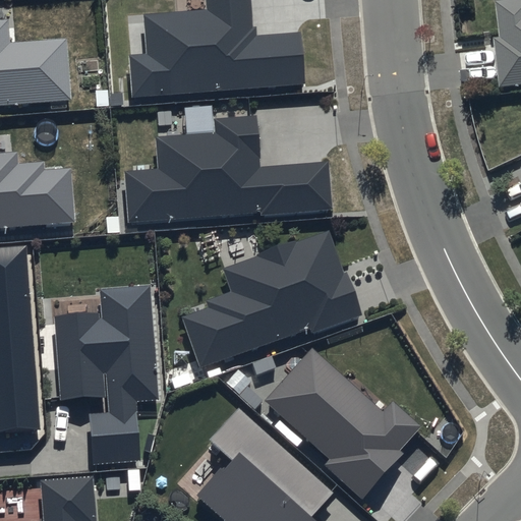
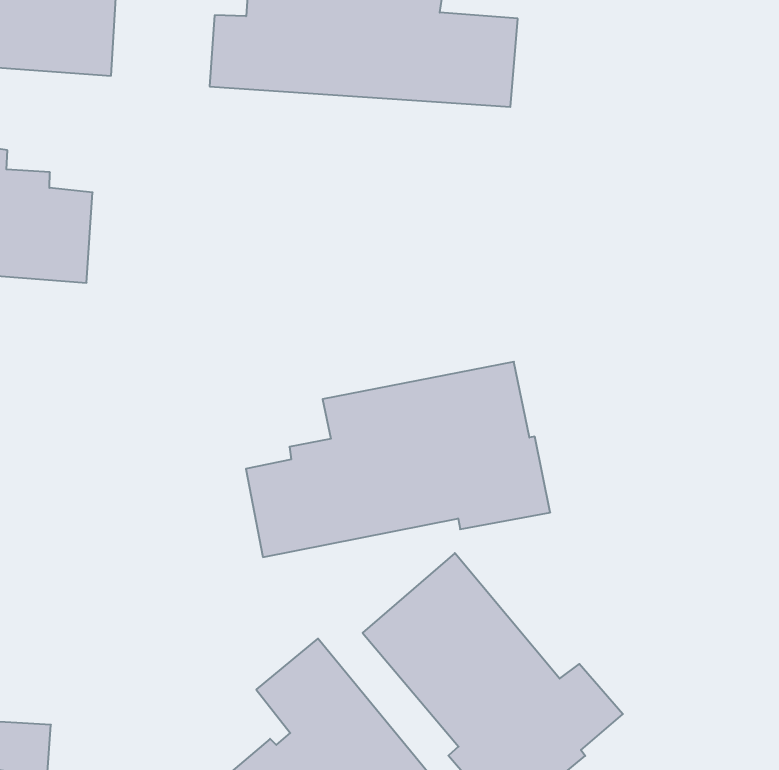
building: [123,116,334,223] -> none
building: [54,286,160,466] -> none

